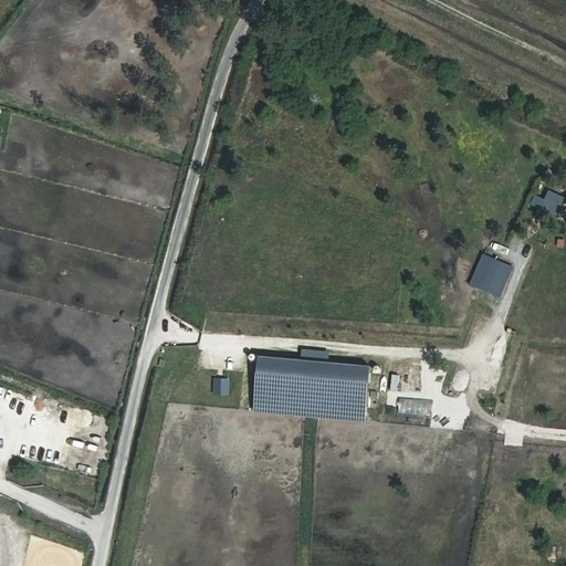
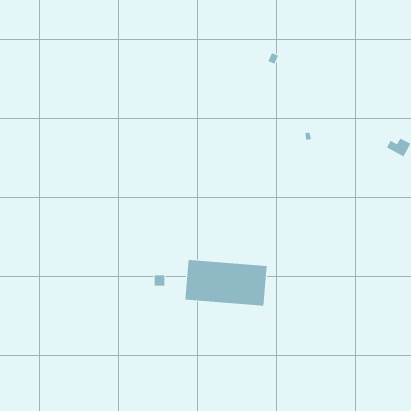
building: [468,252,512,296] -> none

